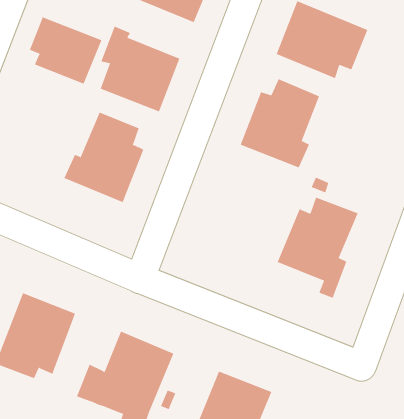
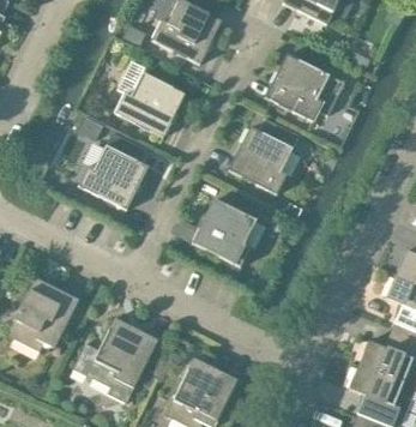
building: [29,16,102,84] -> none
building: [277,197,358,299] -> [191,191,263,277]

